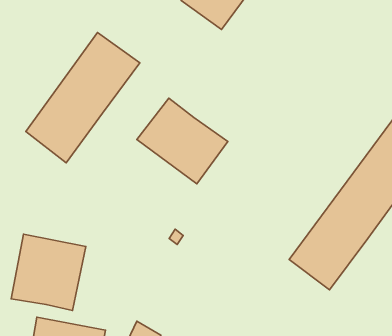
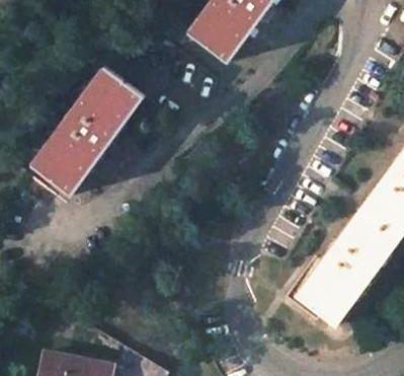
building: [137,98,228,184] -> none
building: [11,234,86,310] -> none

